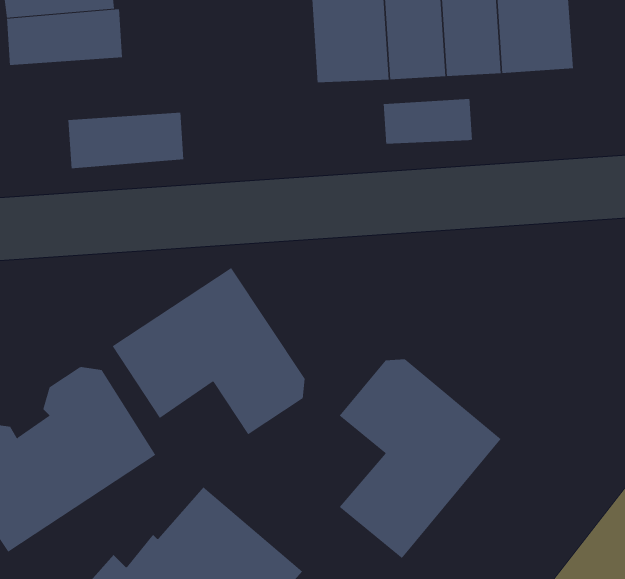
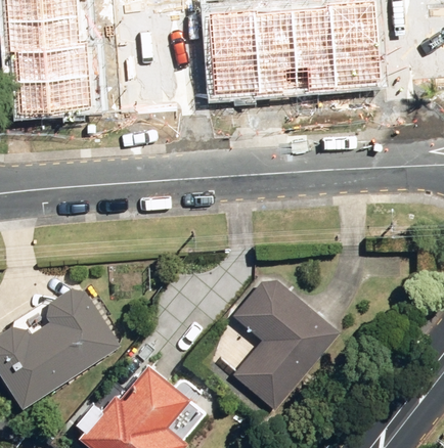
building: [383,98,473,144] -> none
building: [68,112,184,169] -> [19,83,95,120]
building: [112,267,305,435] -> none

